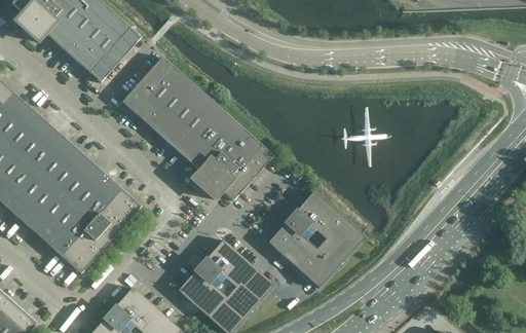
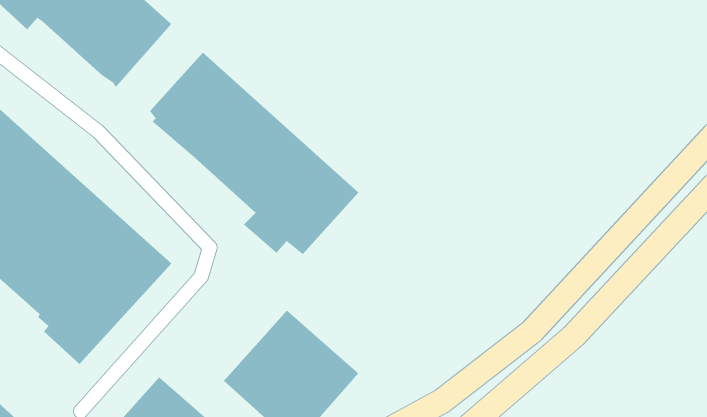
building: [267,190,364,287] -> none

